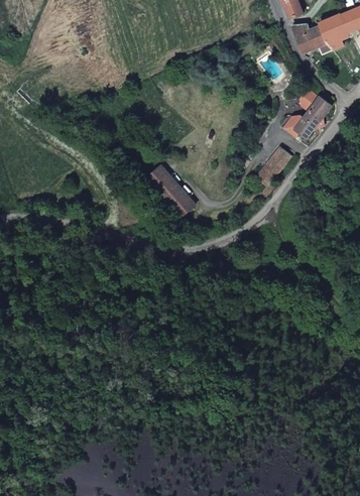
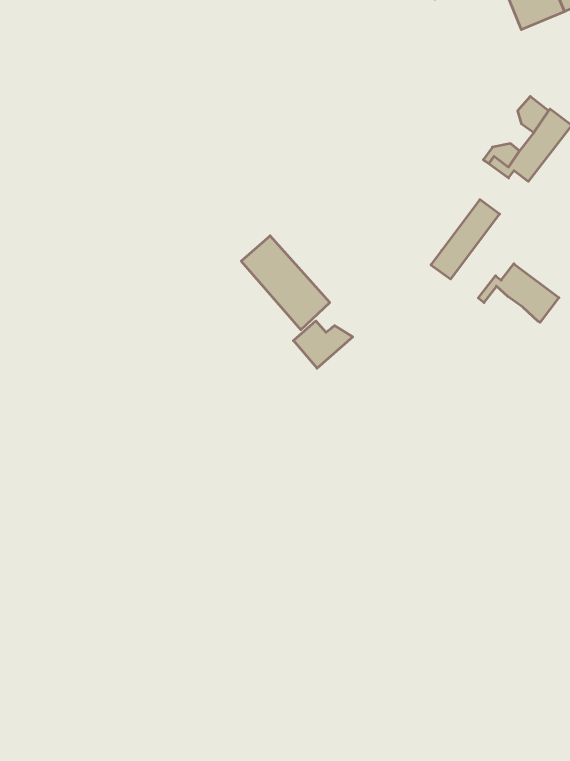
building: none -> [478,264,559,322]
building: none -> [293,321,353,368]

